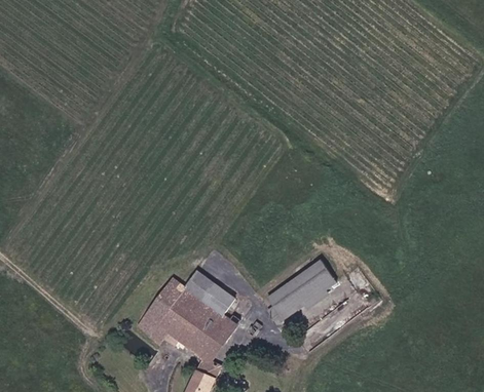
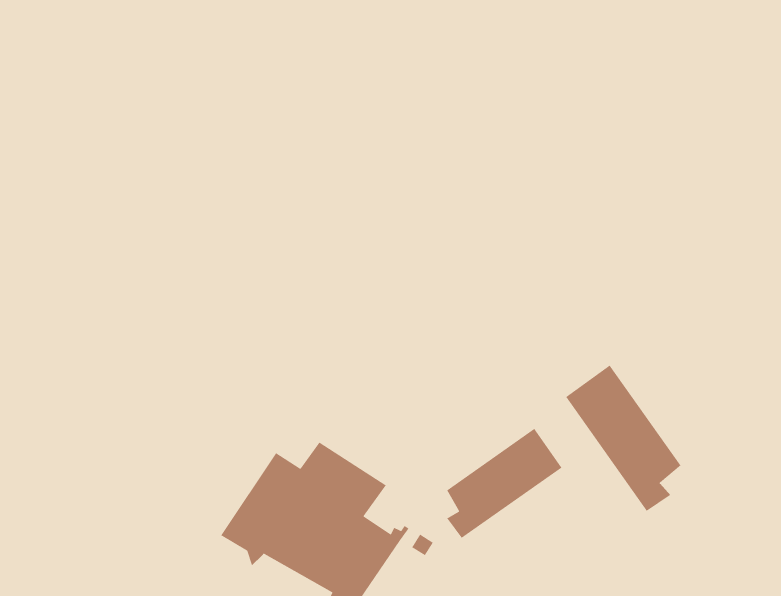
building: none -> [565,364,682,512]

